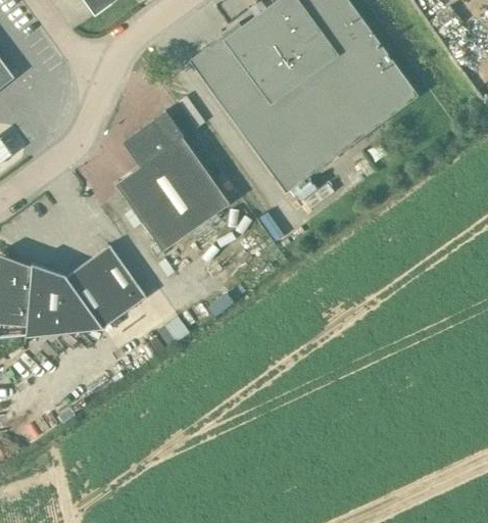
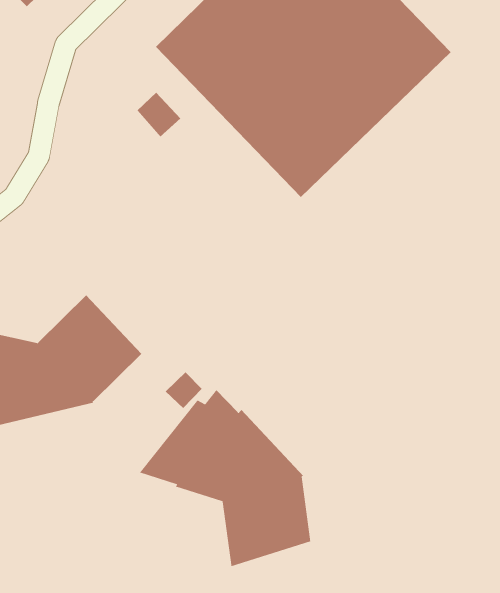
building: [115,111,230,251] -> none
building: none -> [139,389,311,567]

